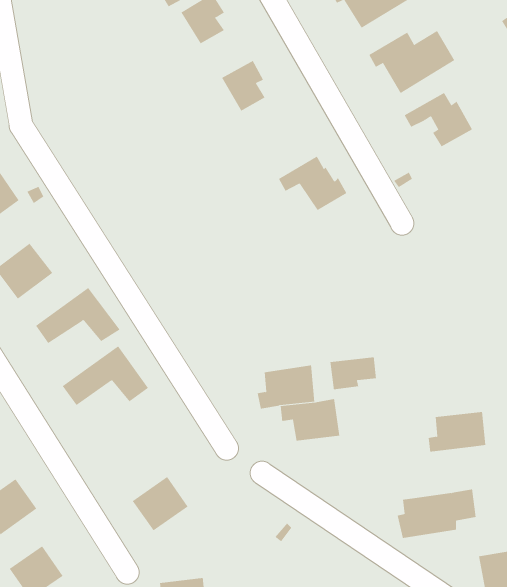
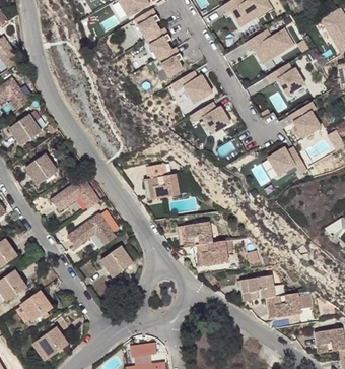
building: none -> [146,27,171,57]
building: none -> [171,70,212,103]
building: none -> [286,104,318,140]
building: none -> [265,147,304,176]
building: none -> [144,162,181,198]
building: [330,356,377,390] -> none
building: [428,411,486,452] -> [235,279,269,302]
building: [132,476,189,531] -> [101,244,134,275]

